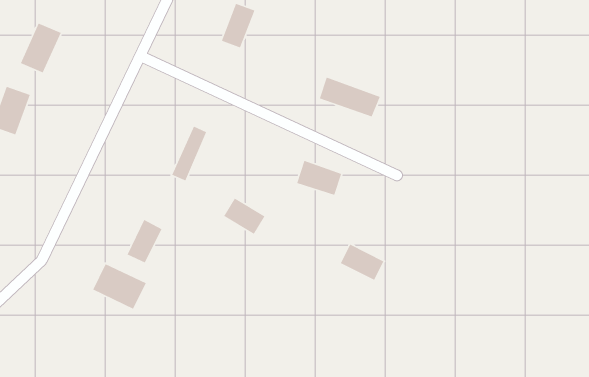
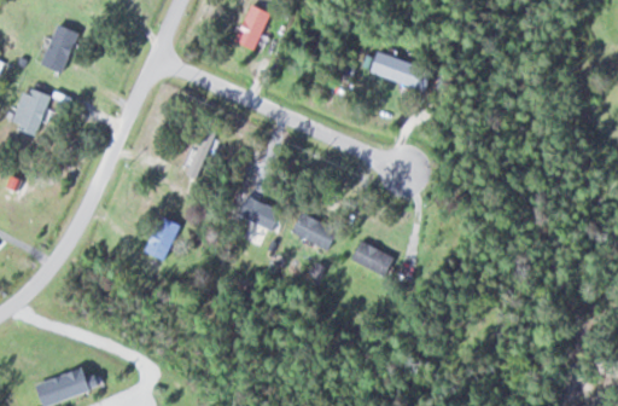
building: [319,77,381,118] -> [369,52,430,92]
building: [296,160,342,196] -> [291,214,336,249]
building: [92,263,147,310] -> none

